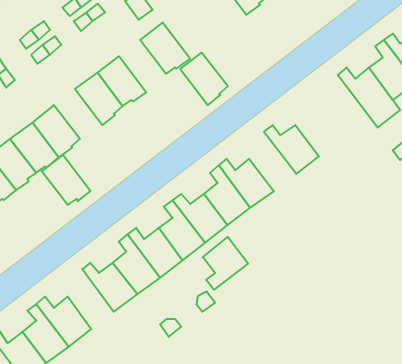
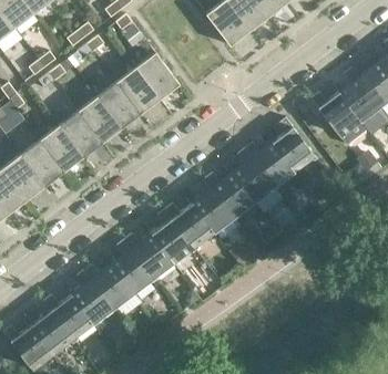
building: [180,53,228,105] -> [116,67,159,114]
building: none -> [273,117,314,170]
building: none -> [232,148,274,201]
building: [42,155,90,205] -> [59,111,102,155]
building: [203,237,248,290] -> none
building: none -> [71,270,112,323]

